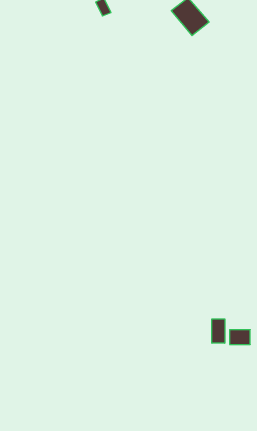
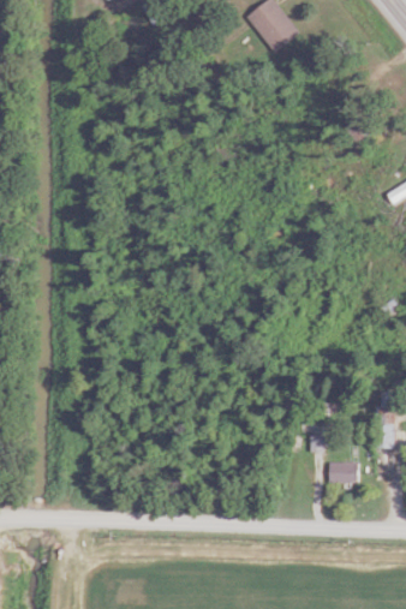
building: [212,319,225,343] -> none

